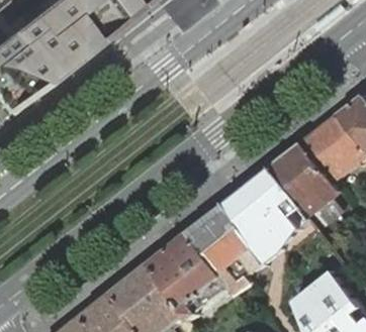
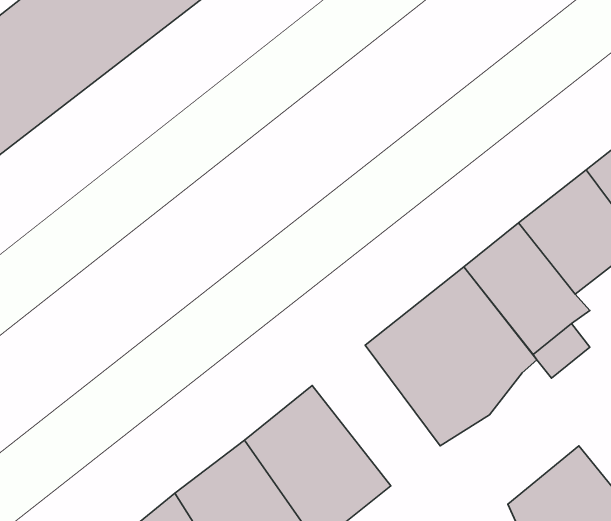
building: [190,208,261,292] -> none

